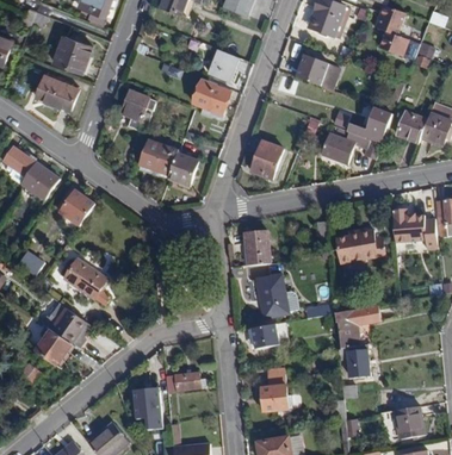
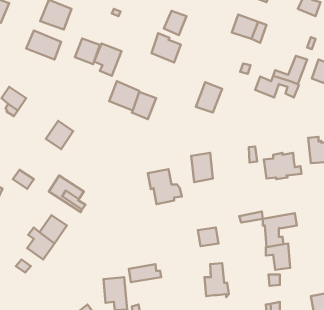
building: none -> [75,39,100,64]
building: [21,161,58,199] -> none
building: [255,273,298,317] -> [148,169,182,204]

